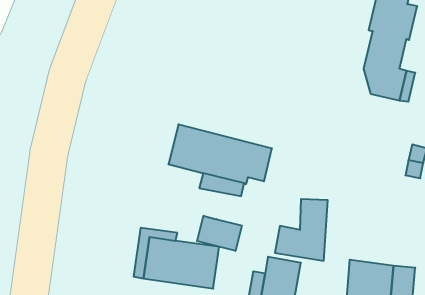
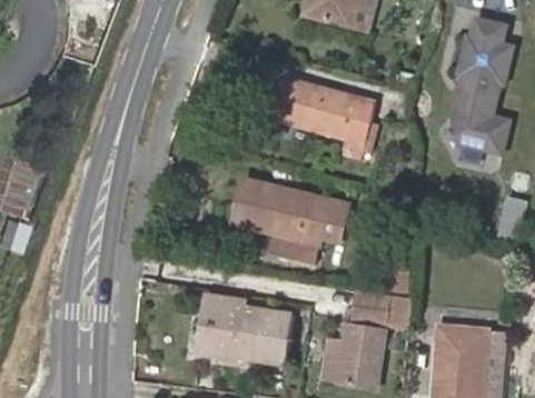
building: none -> [274,77,374,152]
building: [197,216,242,251] -> none

